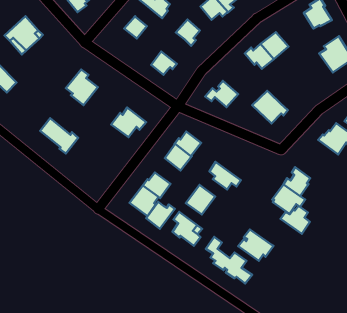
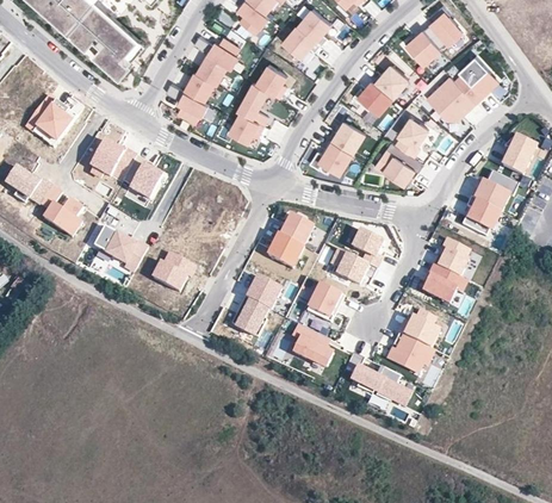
building: none -> [198,52,229,83]
building: none -> [407,29,441,63]
building: none -> [167,81,209,120]
building: none -> [237,81,268,125]
building: none -> [427,76,476,119]
building: none -> [85,138,123,178]
building: none -> [329,120,365,153]
building: none -> [395,117,428,156]
building: none -> [41,186,82,236]
building: [111,108,146,137] -> [151,252,198,291]
building: none -> [461,197,501,236]
building: none -> [352,230,383,268]
building: [146,202,175,229] -> none
building: [280,206,310,234] -> [398,311,439,348]

